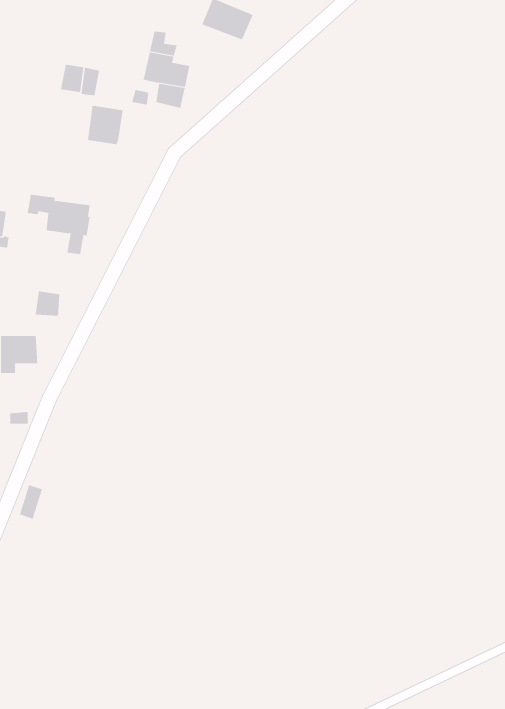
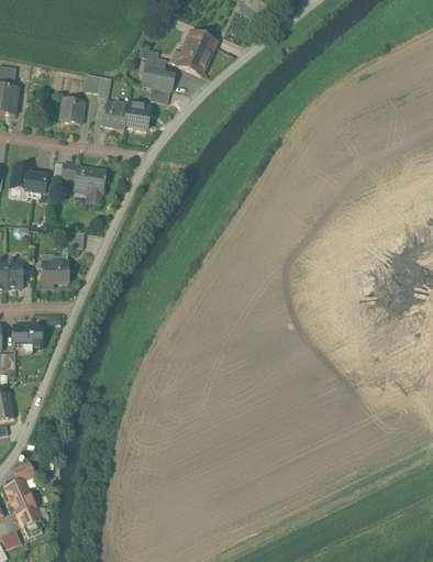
building: none -> [175,45,210,75]
building: none -> [62,98,84,123]
building: none -> [124,101,149,129]

